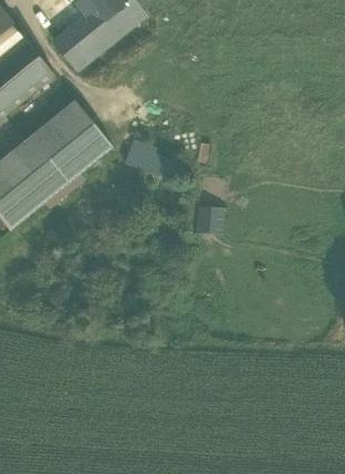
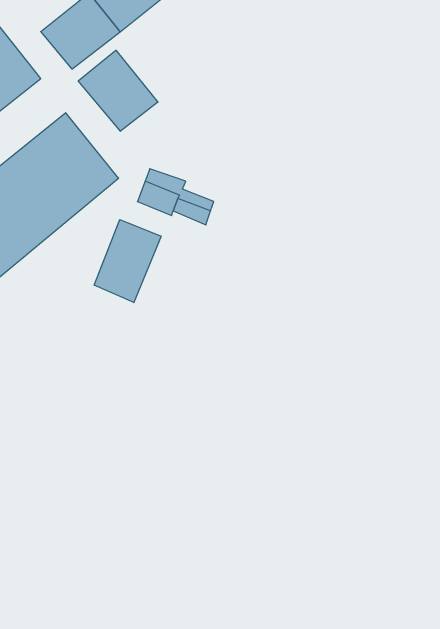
building: none -> [78,50,158,131]
building: none -> [94,220,161,303]
building: [197,205,224,232] -> none

